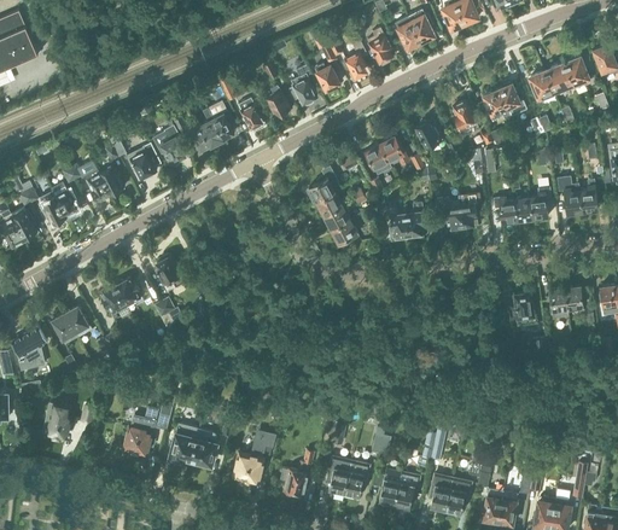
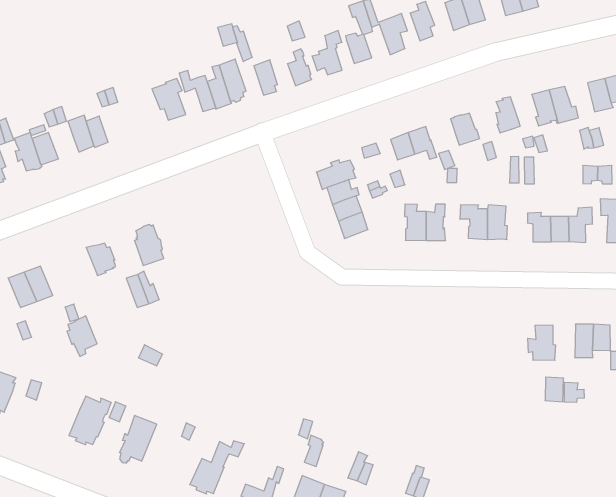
building: [126,142,161,179] -> none
building: [100,284,128,320] -> [67,316,97,357]
building: [190,429,217,465] -> none

